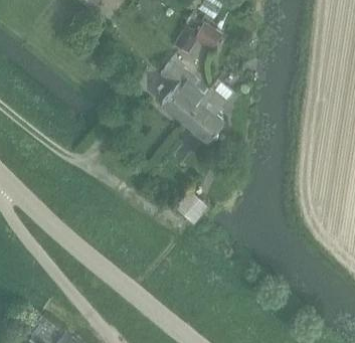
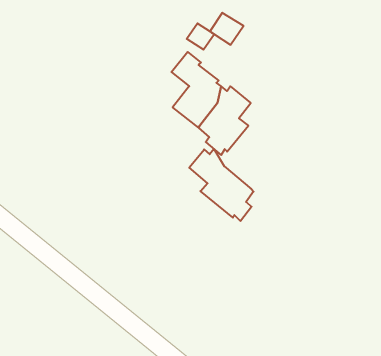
building: none -> [189,149,254,221]

